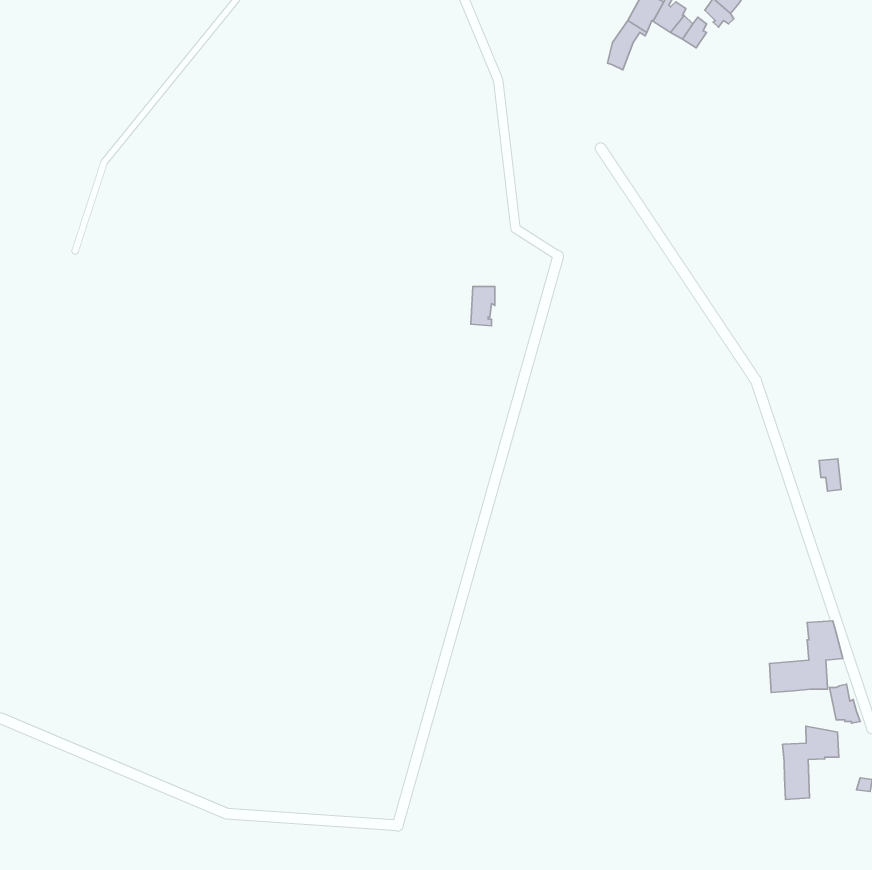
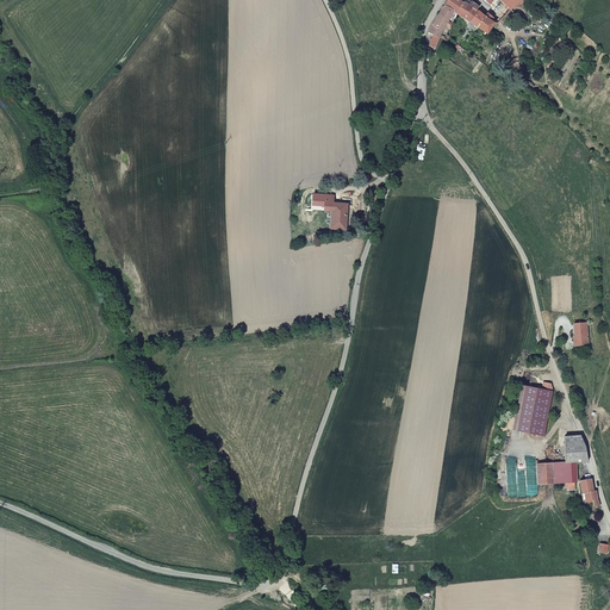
building: none -> [517,381,553,435]
building: [782,726,839,799] -> none

